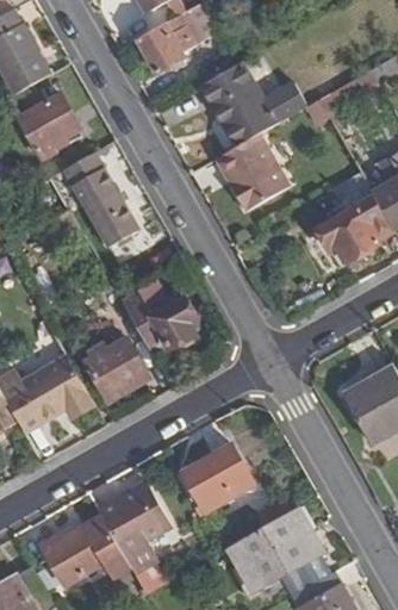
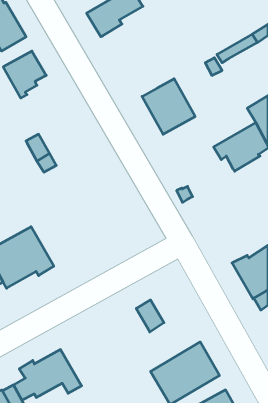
building: [200,61,301,145] -> none
building: [62,150,137,245] -> none
building: [125,278,197,350] -> none
building: [85,337,144,396] -> none
building: [181,458,225,505] -> none
building: [110,479,188,566] -> none

